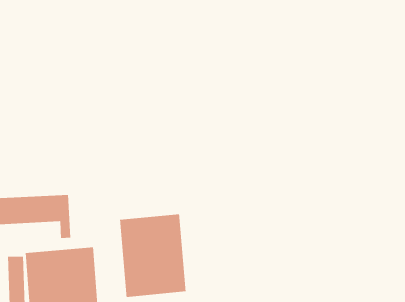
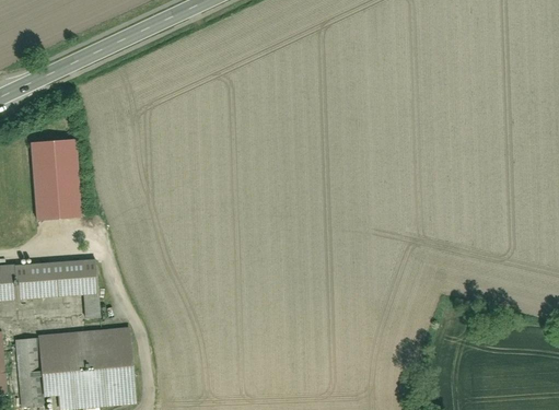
building: none -> [31,140,82,220]
building: [120,213,186,298] -> none

